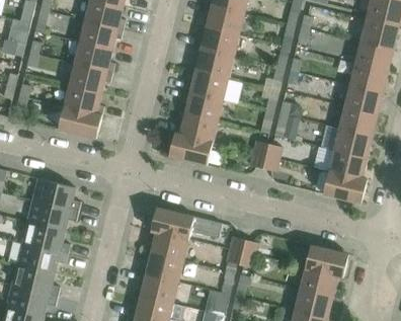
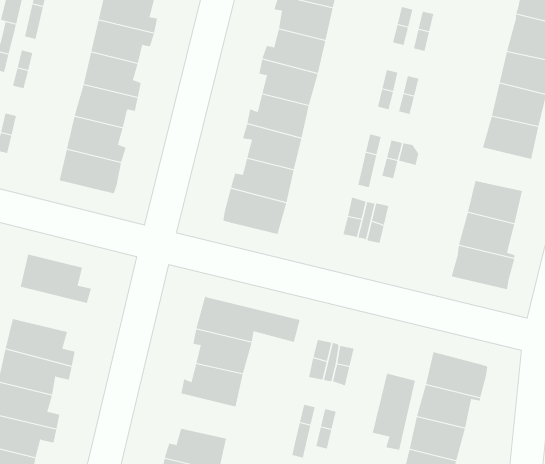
building: [339,106,378,136] -> none
building: [27,200,78,231] -> none
building: none -> [372,373,416,450]
building: [138,272,178,303] -> none

